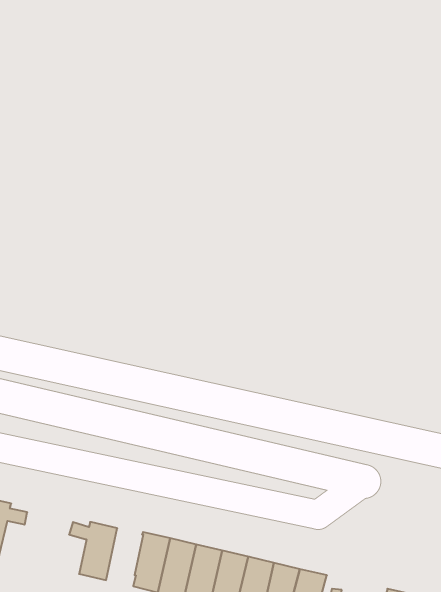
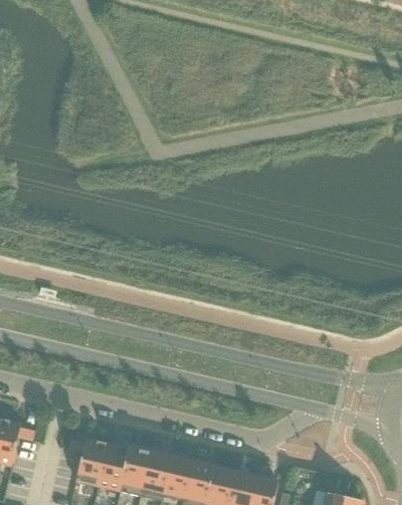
building: none -> [98,443,129,490]

